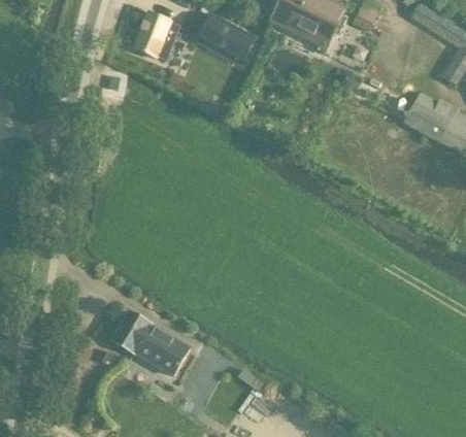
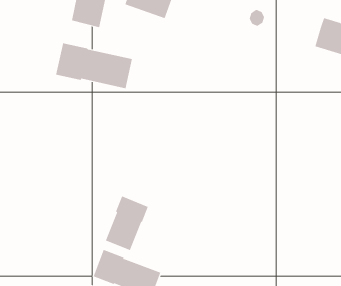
building: none -> [56,43,133,89]
building: none -> [105,196,149,251]

